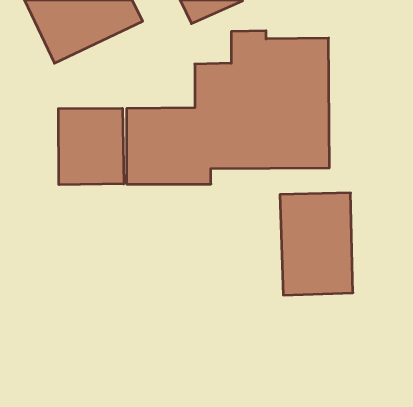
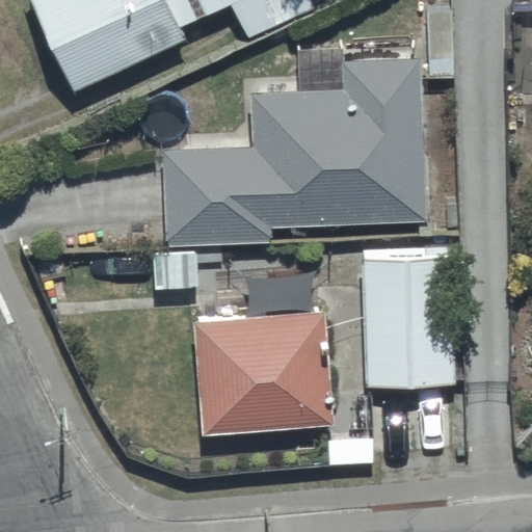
building: [58,108,124,185] -> none
building: none -> [192,311,334,434]

